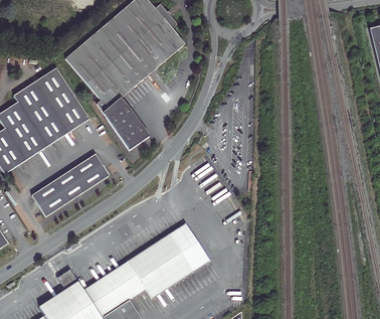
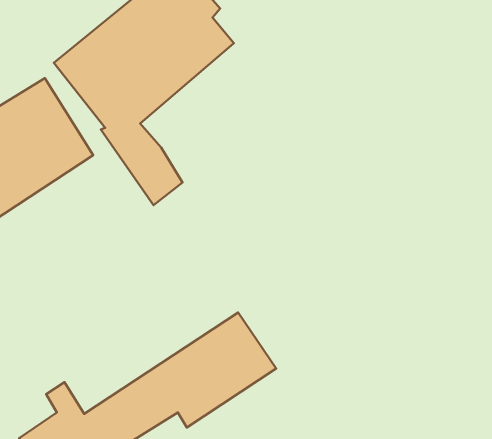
building: [32,153,110,216] -> none

